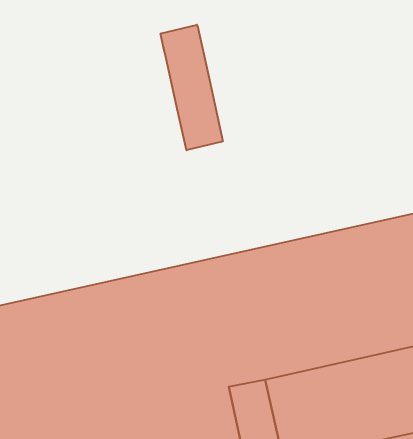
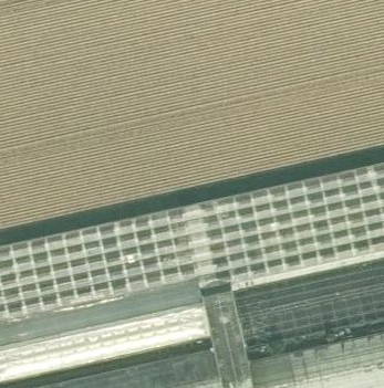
building: [161,25,223,150] -> none

